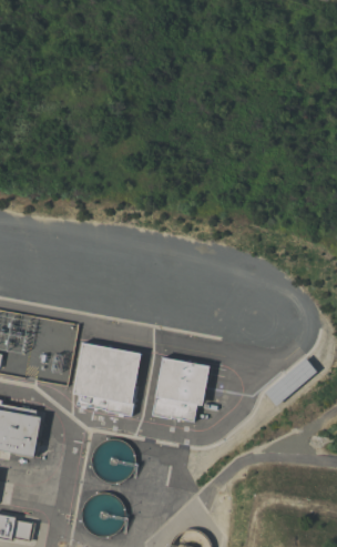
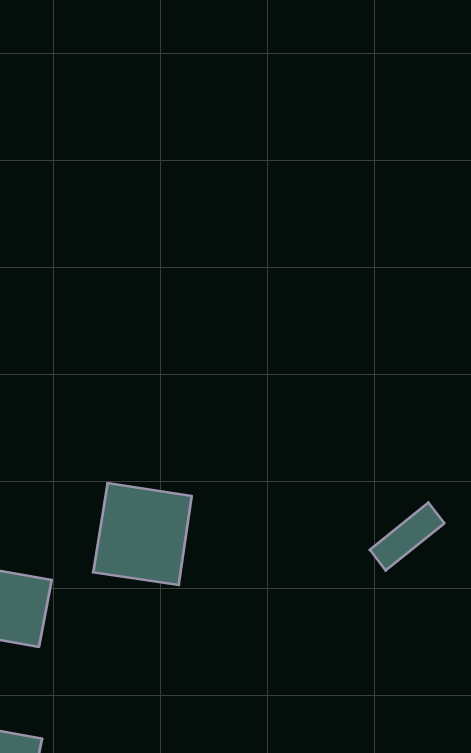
building: [153,357,207,421] -> none

